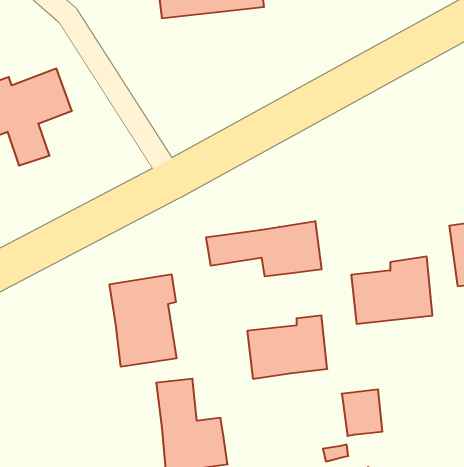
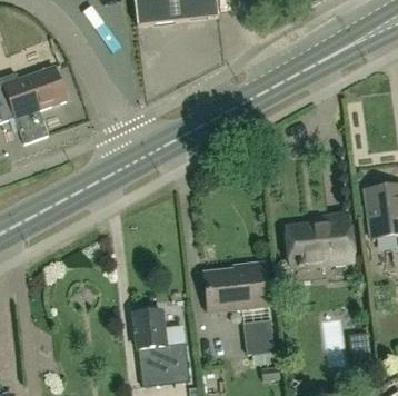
building: [206,221,322,276] -> none
building: [110,274,176,367] -> none
building: [342,390,382,436] -> [241,317,273,354]

